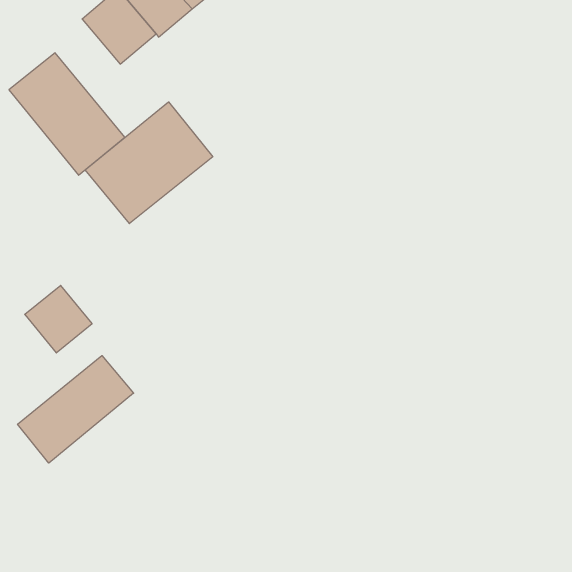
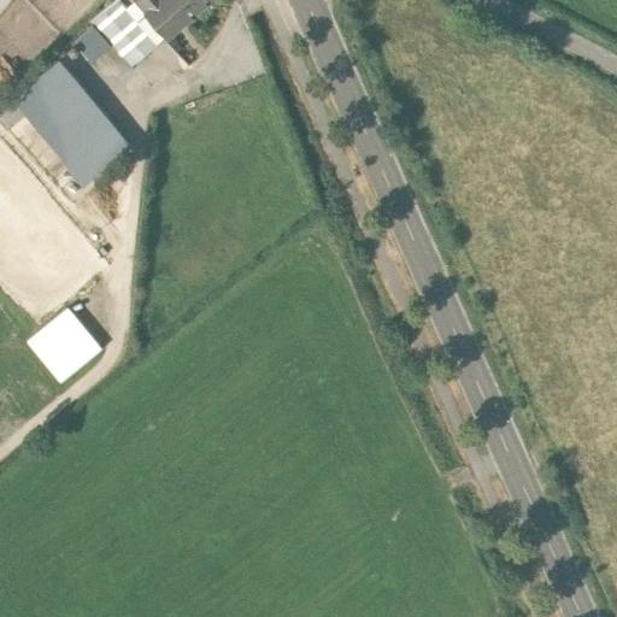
building: [85,102,213,224] -> none
building: [18,356,134,463] -> none

